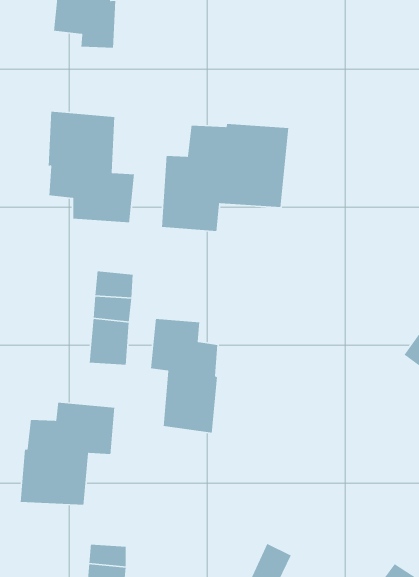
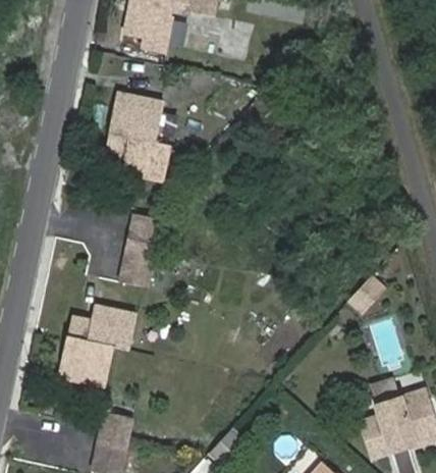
building: [161,123,289,232] -> none
building: [150,318,218,433] -> none

